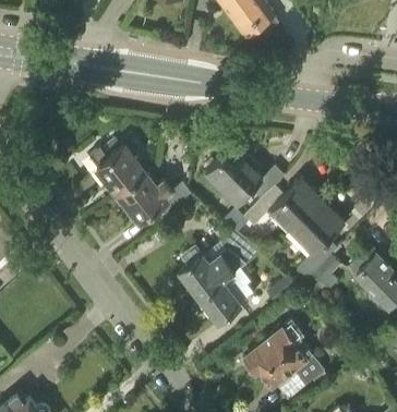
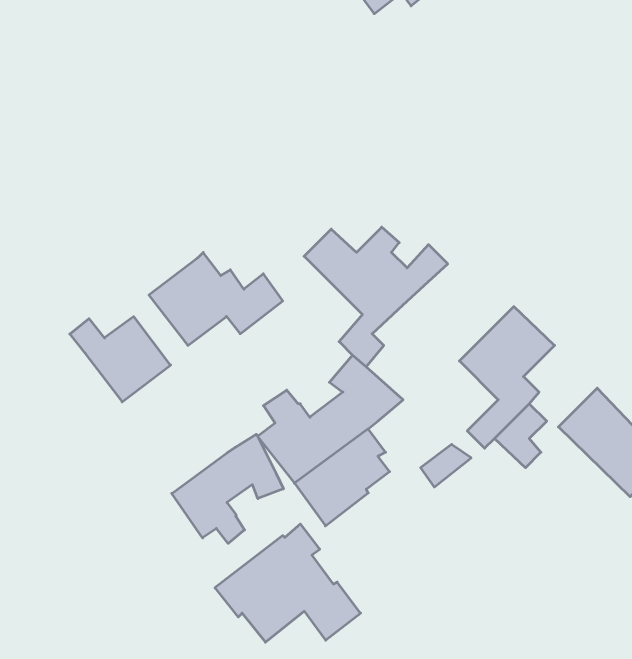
building: [87,147,144,195] -> [70,317,171,402]
building: [242,180,322,232] -> none
building: none -> [172,434,283,543]
building: [242,323,324,389] -> [215,524,361,642]

